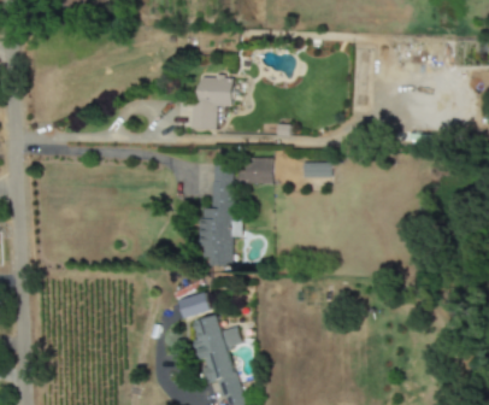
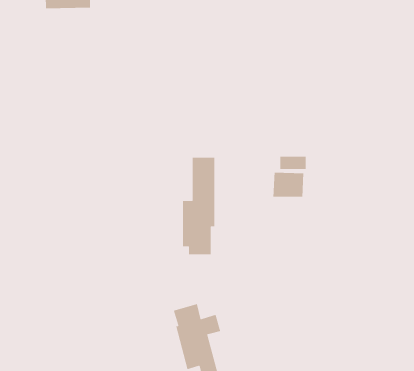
building: [190,77,235,129] -> none
building: [240,157,272,183] -> [273,172,304,198]
building: [179,292,211,318] -> none

